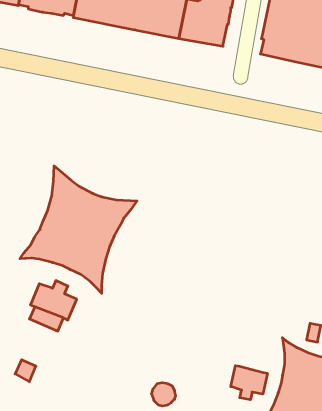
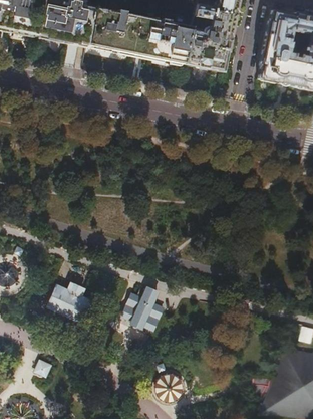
building: [20,166,137,293] -> none
building: none -> [122,286,168,329]
building: [231,366,267,400] -> none

